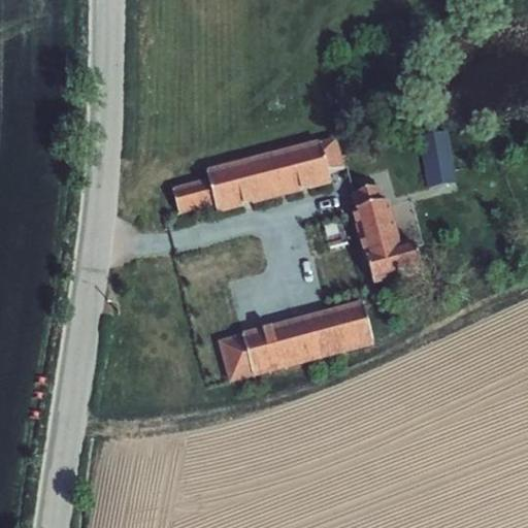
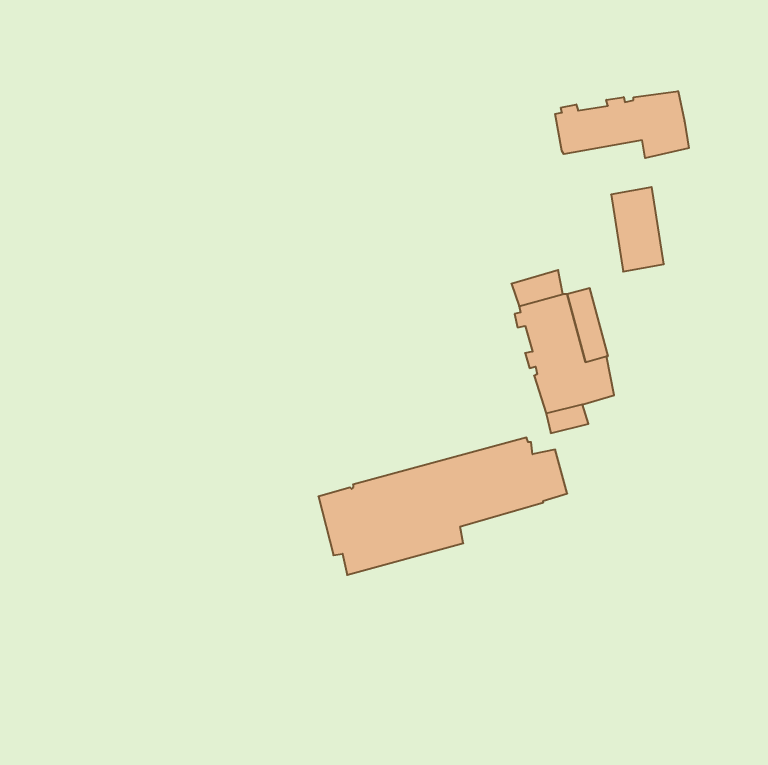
building: none -> [555,91,689,158]
building: [170,137,342,211] -> none

